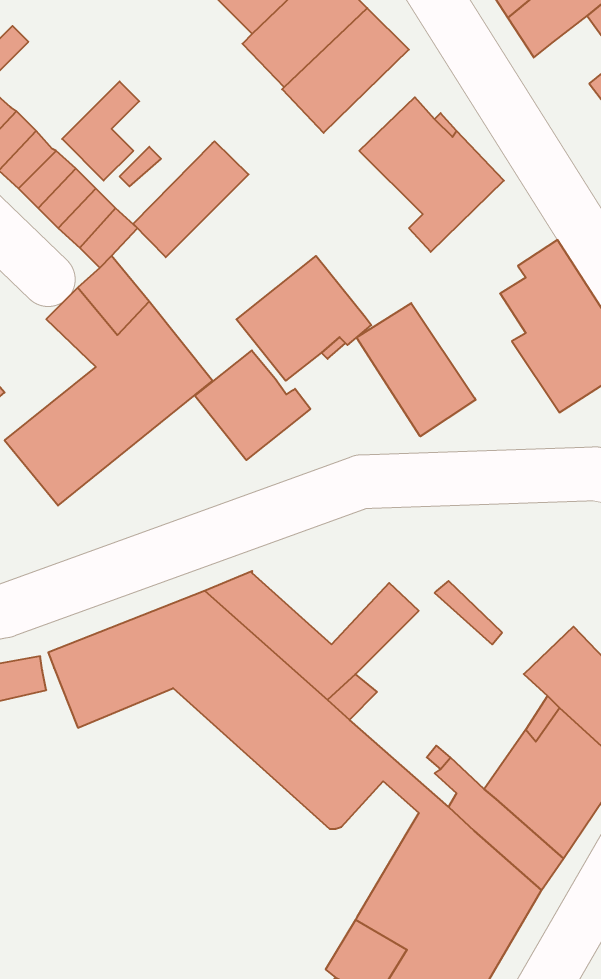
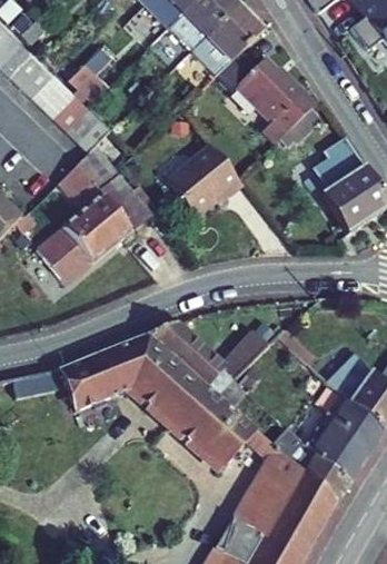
building: [133,141,249,257] -> none
building: [356,303,476,436] -> none
building: [195,350,310,460] -> none

